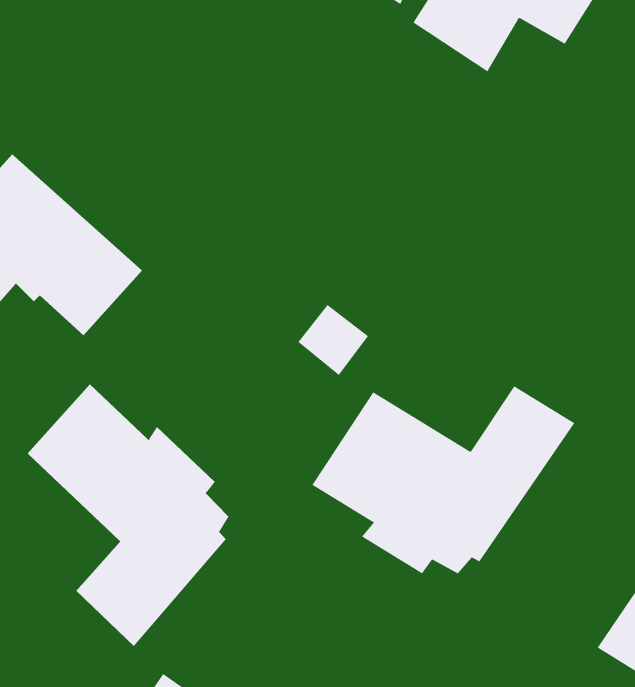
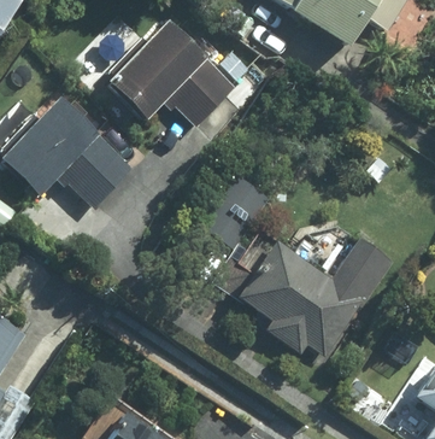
building: none -> [92,19,225,125]
building: [27,384,229,647] -> none

